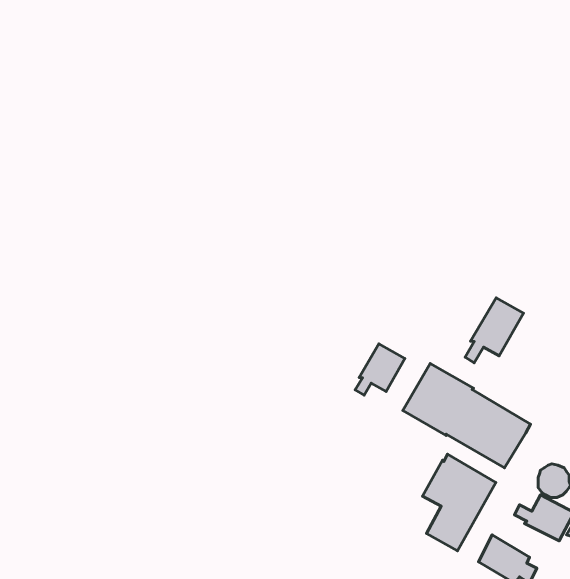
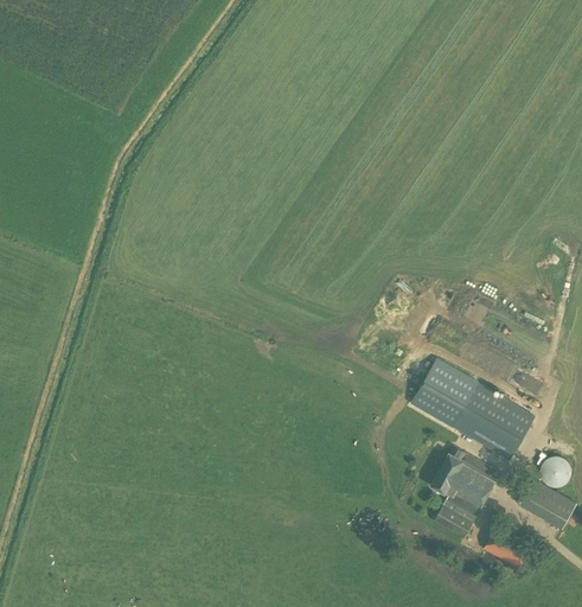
building: [465,298,523,363] -> none
building: [355,344,405,395] -> none

